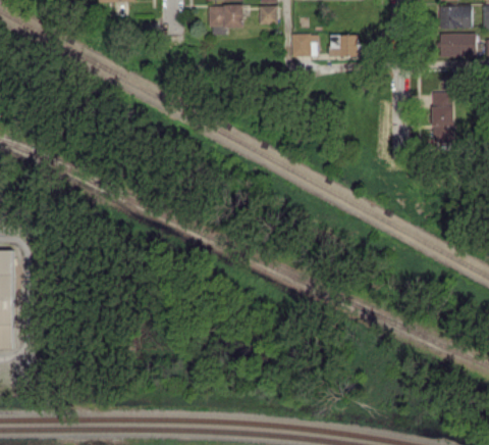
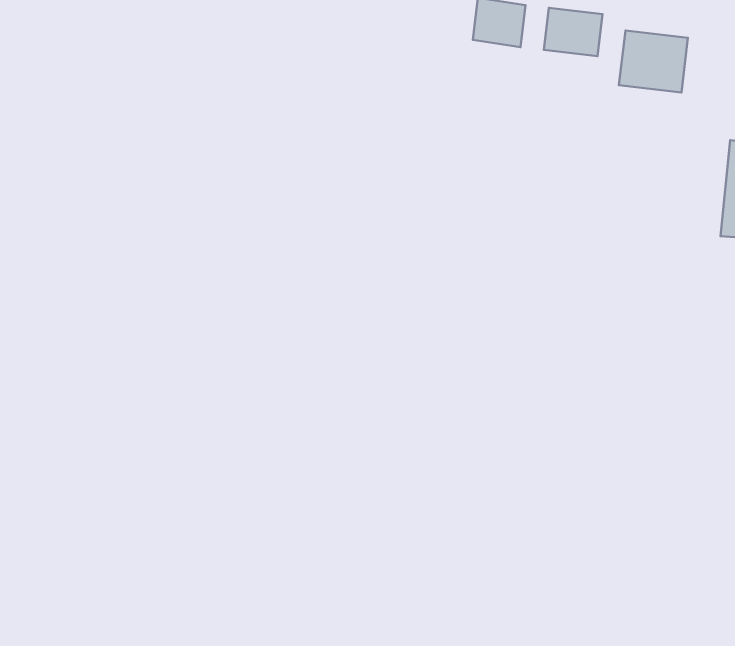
building: none -> [619,30,688,93]

